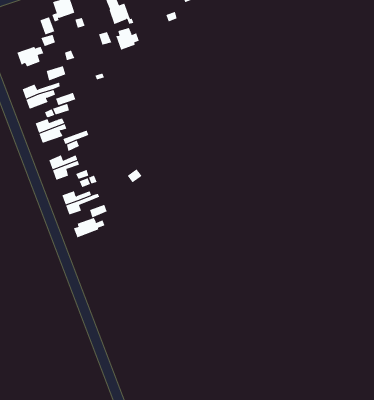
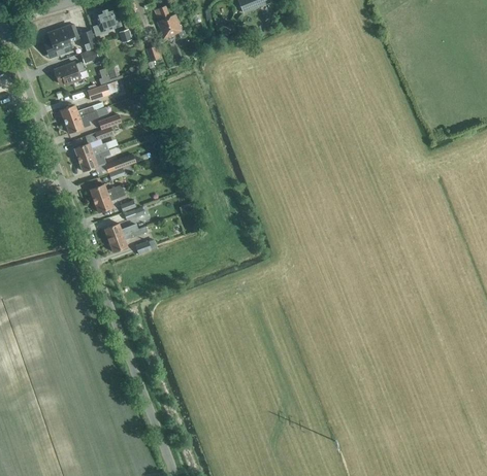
building: none -> [42,24,78,59]
building: [116,27,139,50] -> none
building: [73,217,105,238] -> none

